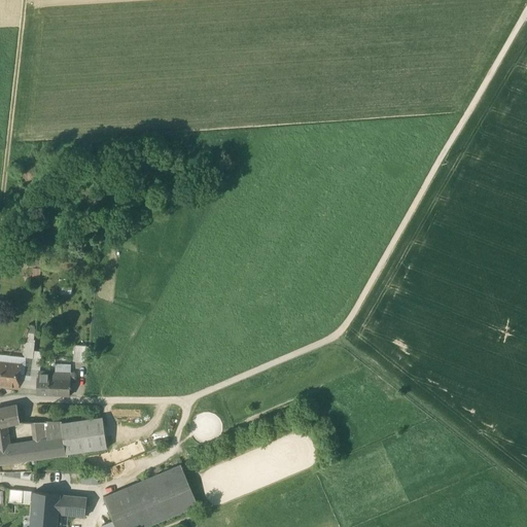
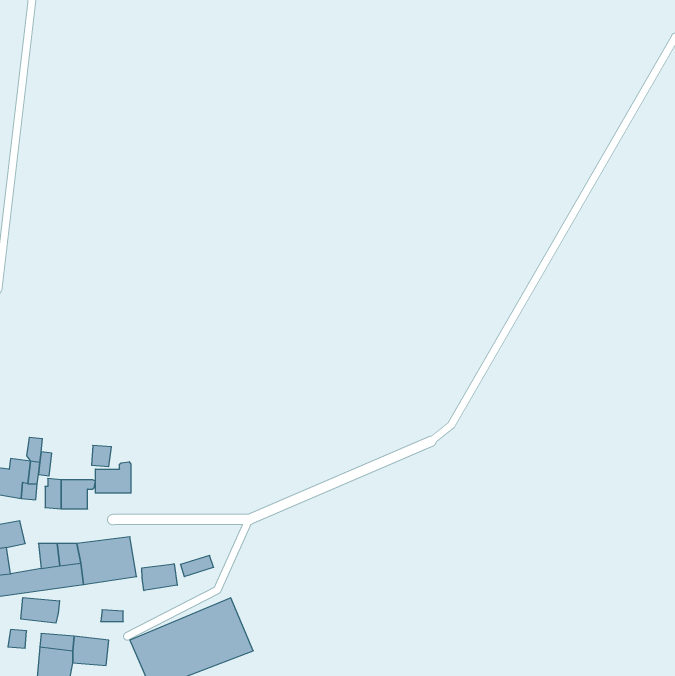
building: none -> [95,462,131,493]
building: none -> [142,564,177,591]
building: none -> [21,598,60,623]

